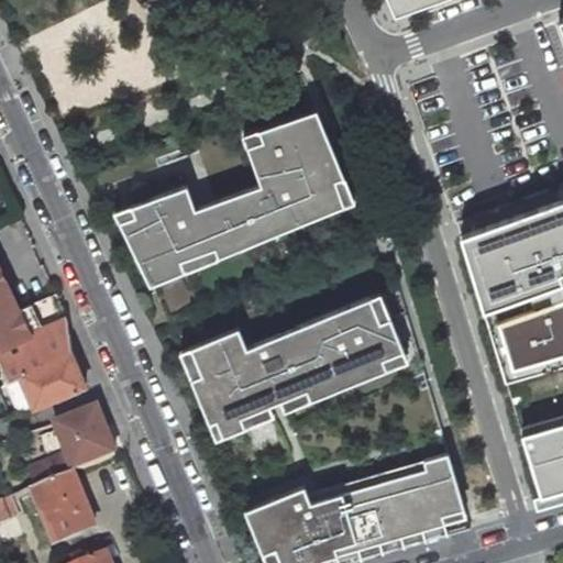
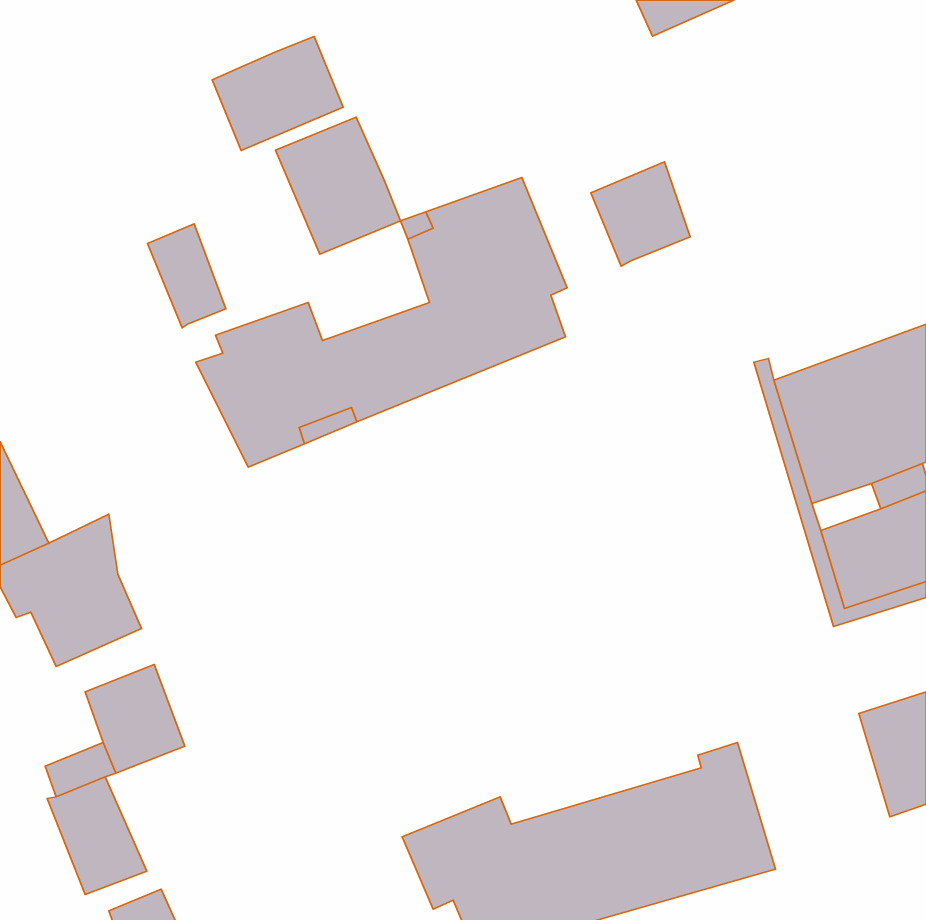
building: none -> [212,37,343,150]
building: none -> [276,117,400,254]
building: none -> [591,162,690,266]
building: none -> [148,224,226,328]
building: [190,298,405,438] -> none

